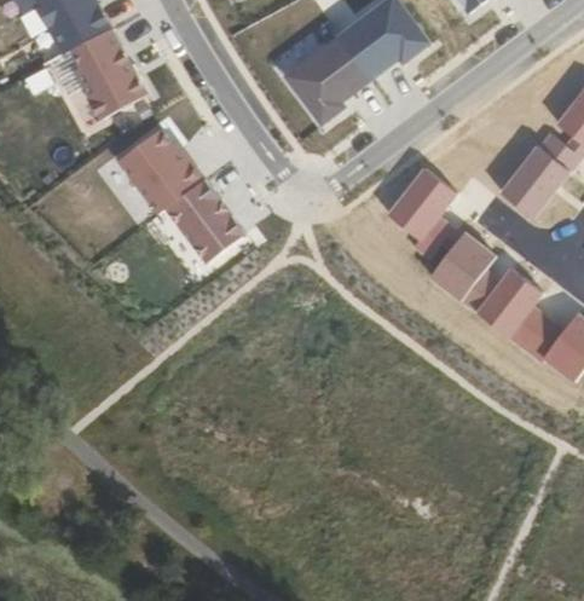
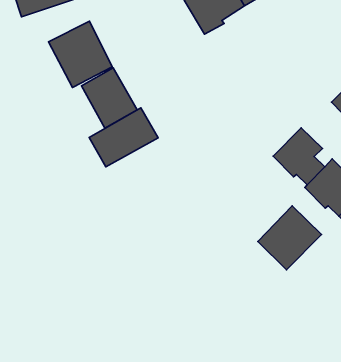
building: [392,169,456,258] -> none
building: none -> [89,108,158,167]
building: none -> [258,206,321,270]

